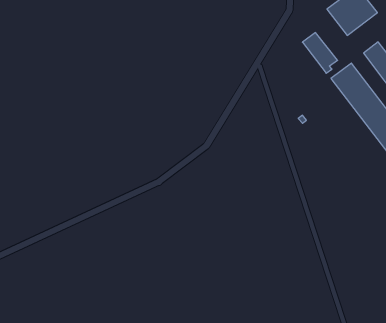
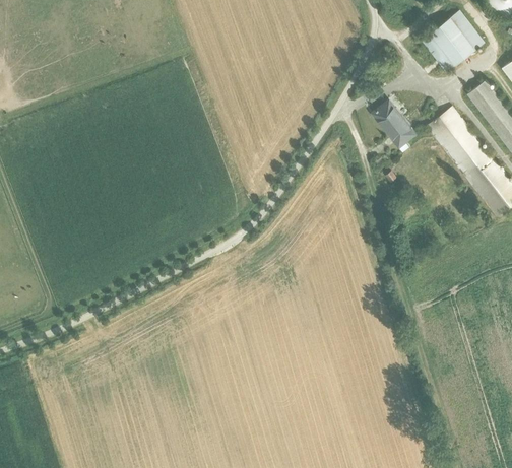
building: [302,33,338,73] -> [373,102,417,152]

